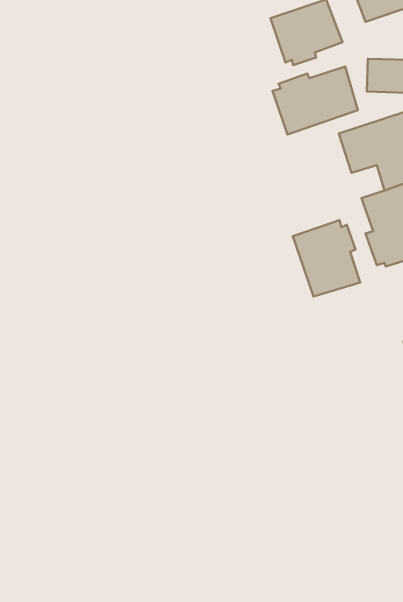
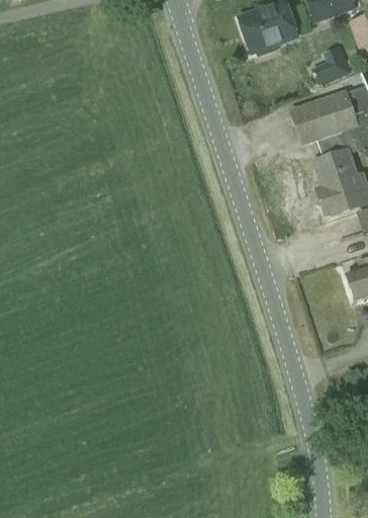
building: [272,67,358,134] -> none
building: [293,220,360,297] -> none

